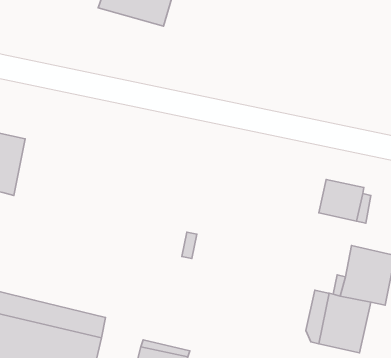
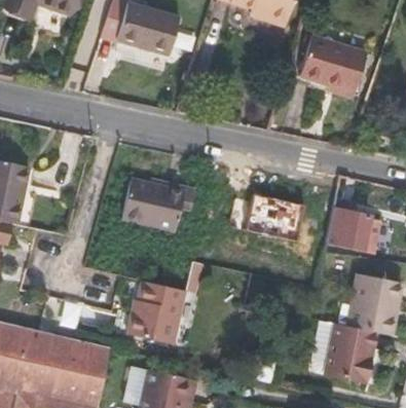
building: none -> [300,36,366,97]
building: none -> [122,180,195,229]
building: none -> [248,193,306,243]
building: none -> [127,282,186,344]

